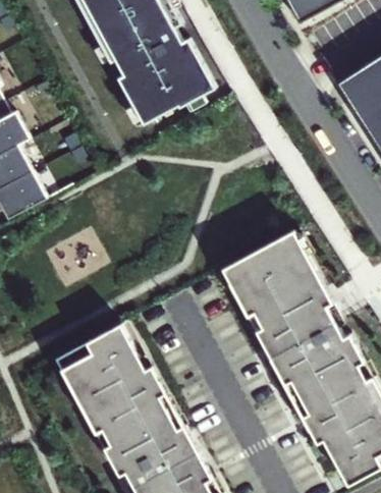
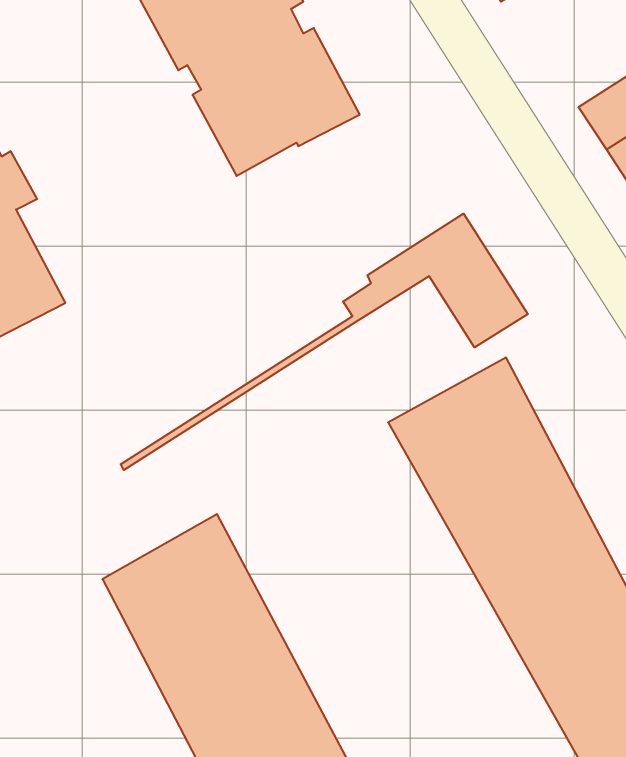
building: none -> [121,214,528,470]

